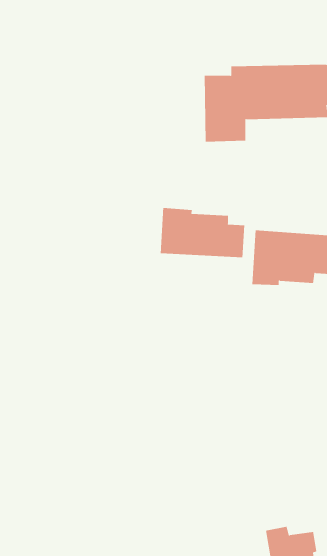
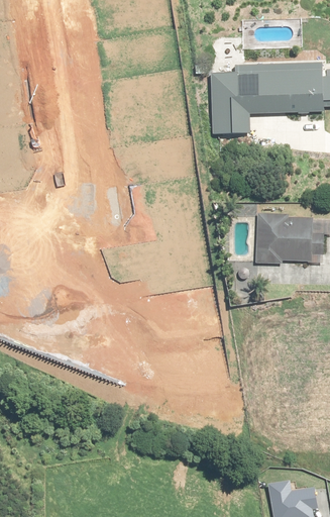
building: [160,207,245,258] -> none

